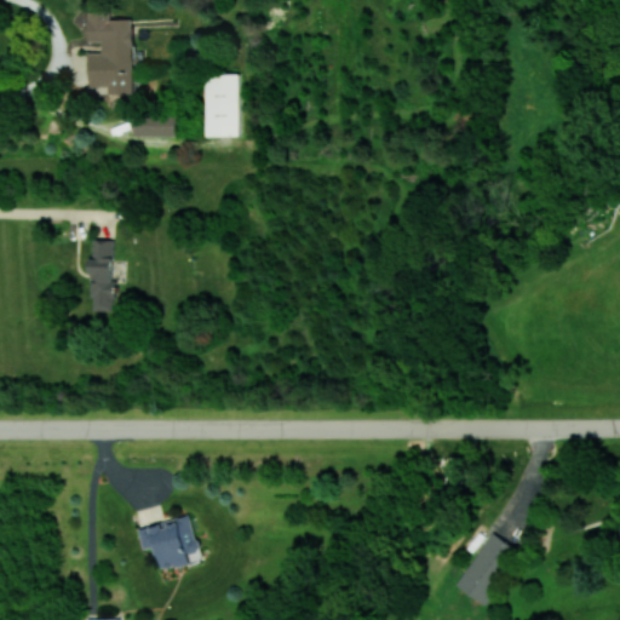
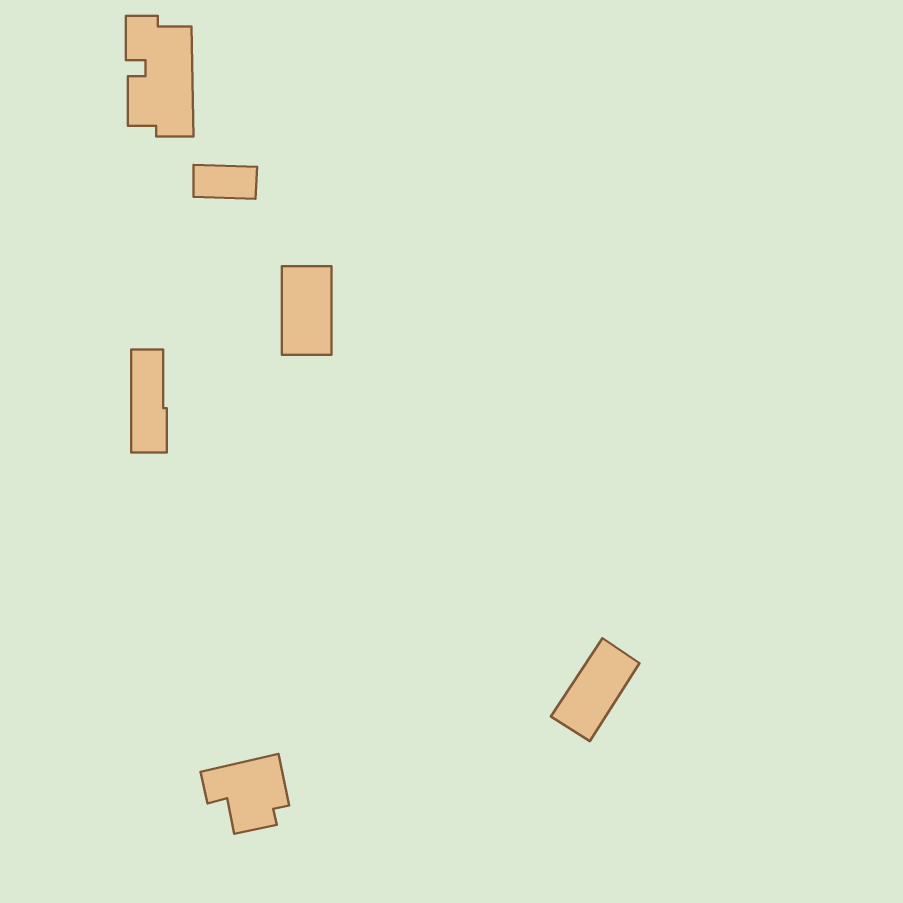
building: [205,78,239,138] -> [282,266,331,355]
building: [454,534,515,604] -> [551,638,640,741]

